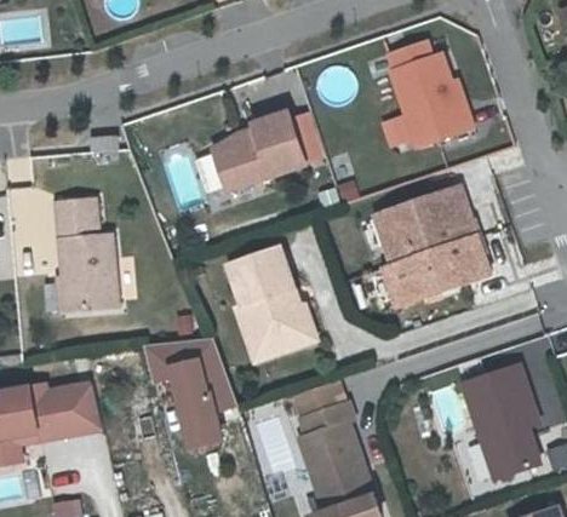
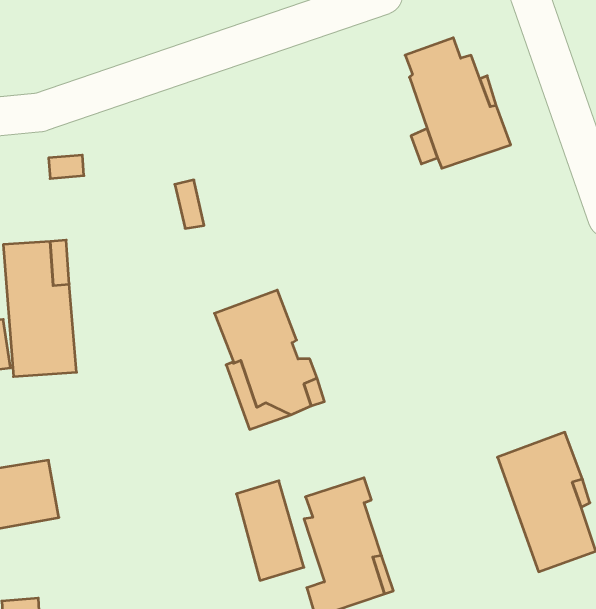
building: [212,109,305,188] -> none
building: [377,184,488,303] -> none
building: [143,335,244,453] -> none

